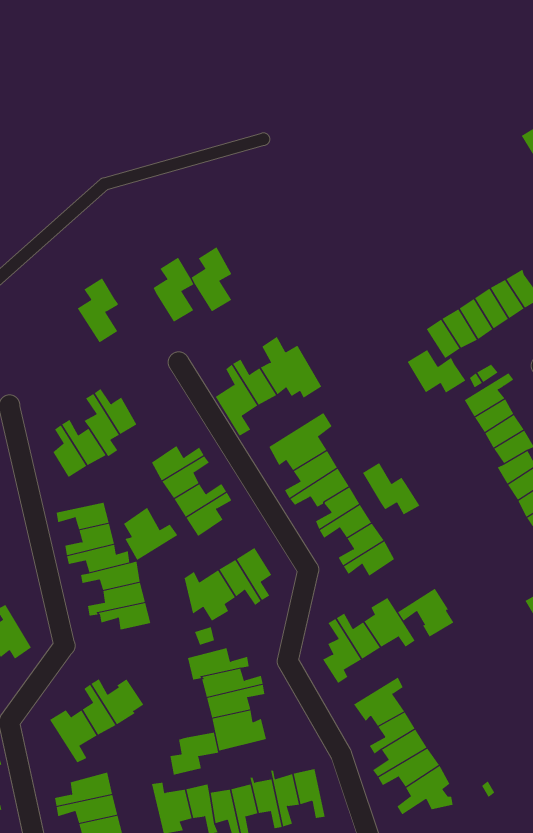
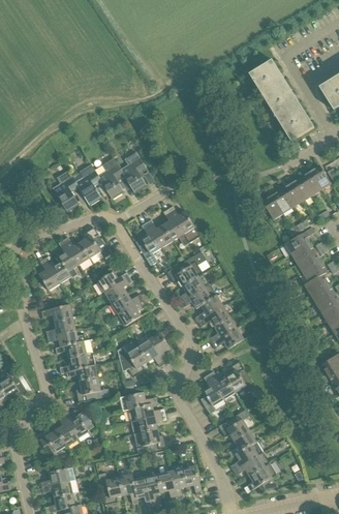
building: none -> [248,59,314,142]
building: none -> [75,164,100,204]
building: [407,349,466,393] -> none
building: none -> [80,228,110,259]
building: [362,462,420,515] -> none
building: [123,507,178,561] -> none
building: [397,588,454,637] -> none
building: none -> [75,377,109,402]
building: [170,732,219,775] -> none

